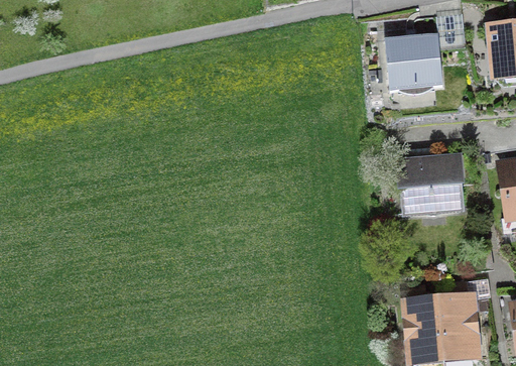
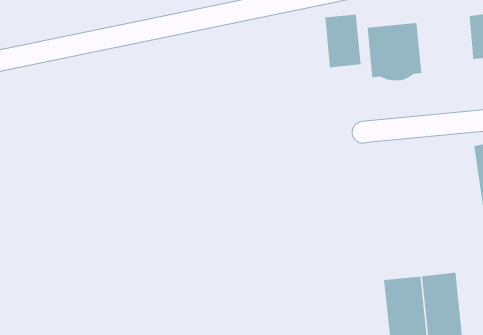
building: none -> [325,14,361,68]
building: [400,156,467,216] -> none

